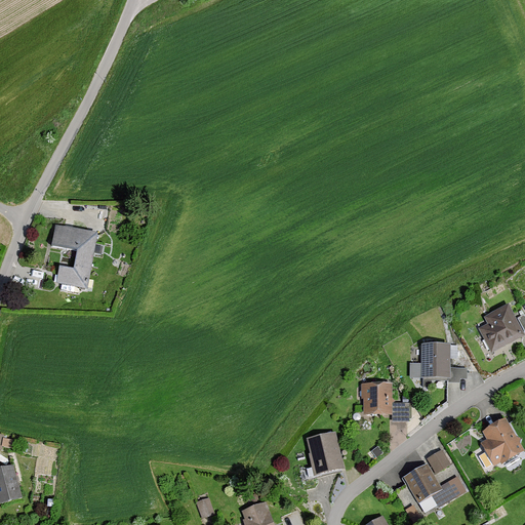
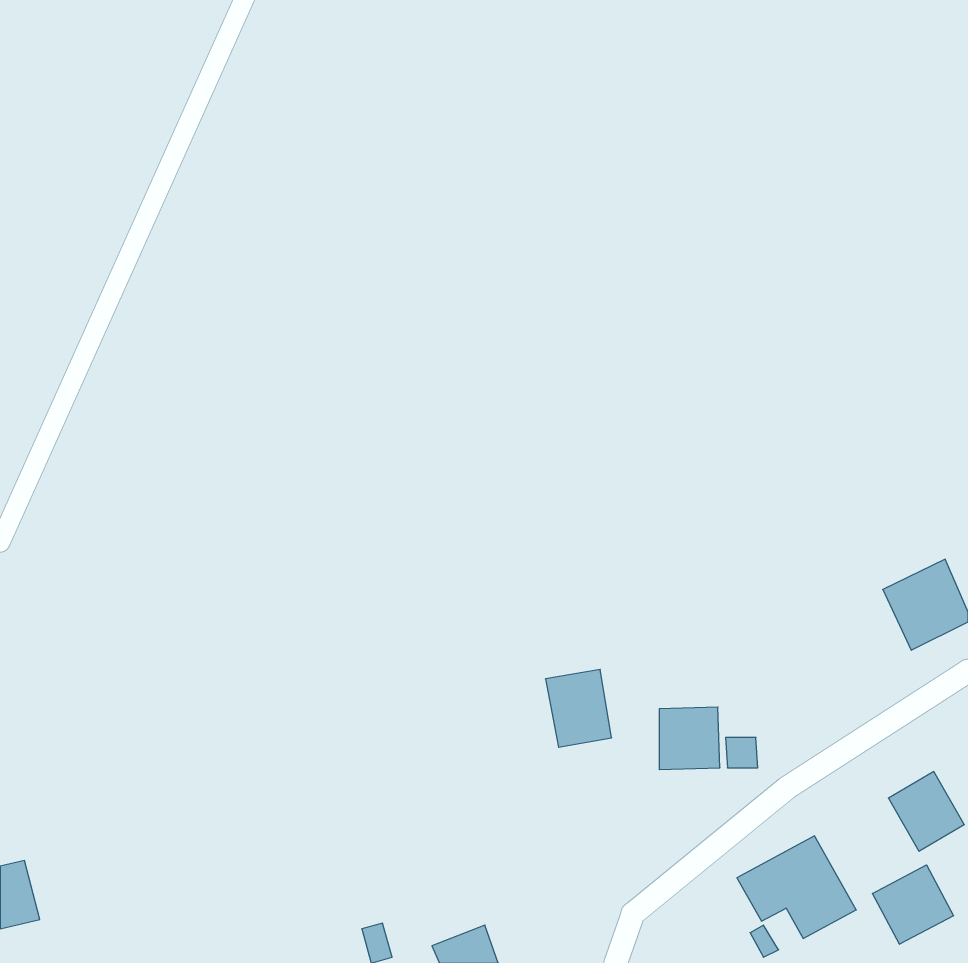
building: [53,226,98,289] -> none
building: [414,346,451,379] -> none
building: [301,432,337,474] -> [545,669,612,747]
building: none -> [872,865,954,944]

